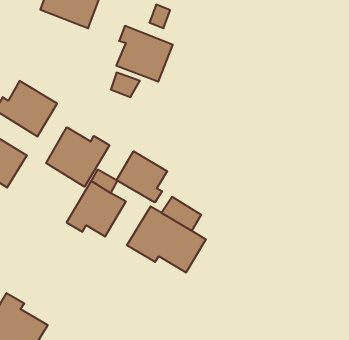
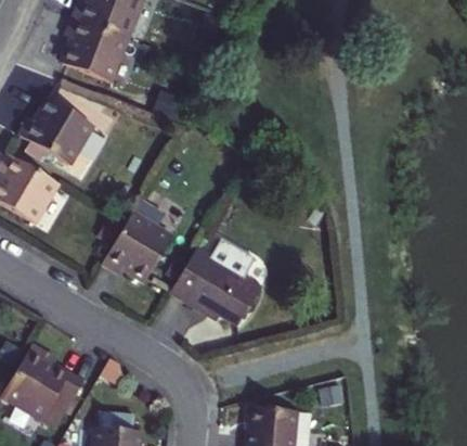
building: [116,26,173,81] -> [63,18,128,82]
building: [46,127,109,187] -> none
building: [116,151,167,202] -> none

